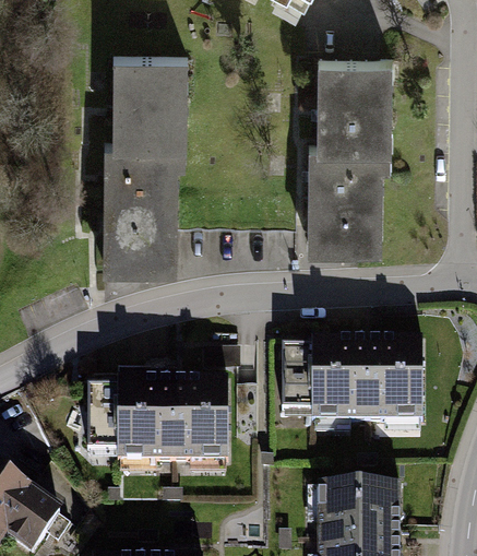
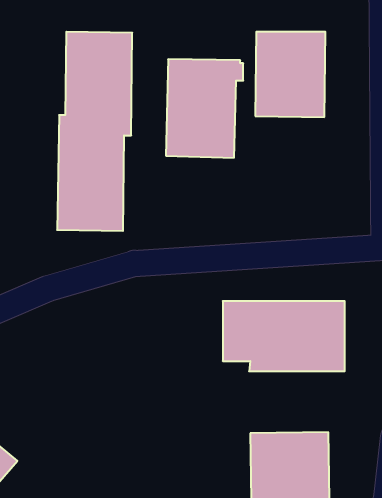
building: [309,143,392,249] -> [166,59,243,158]
building: [88,378,222,457] -> none

